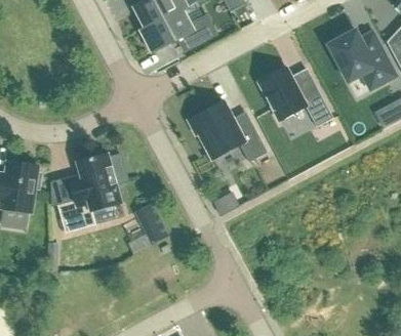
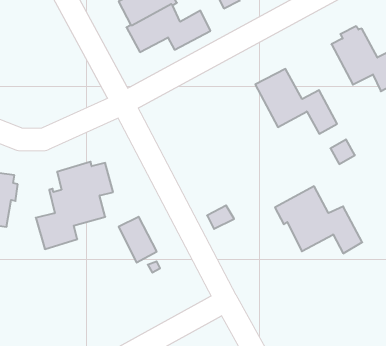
building: [188,99,268,161] -> [275,186,362,253]

